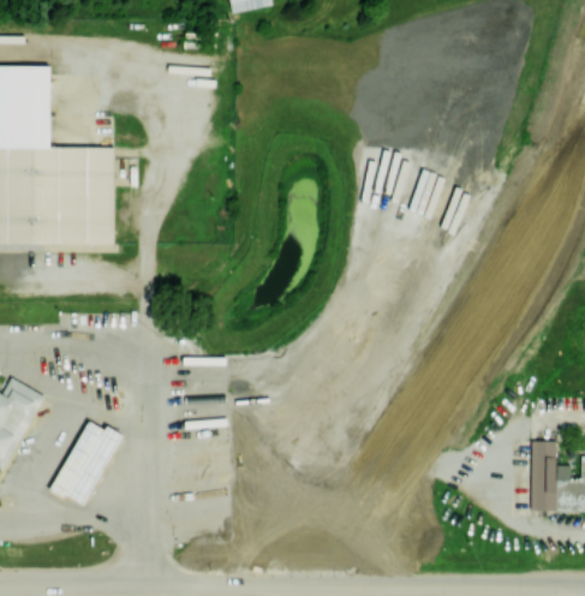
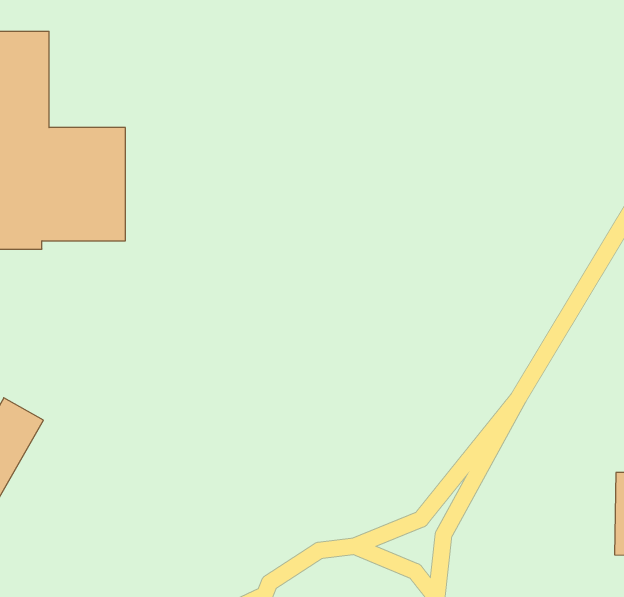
building: [47,421,123,506] -> none

